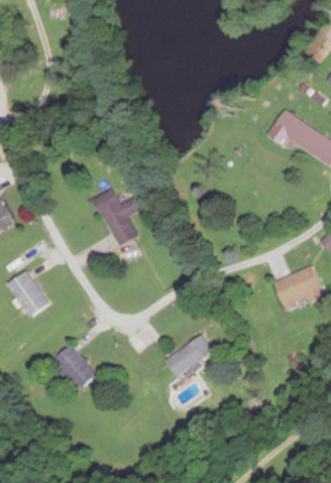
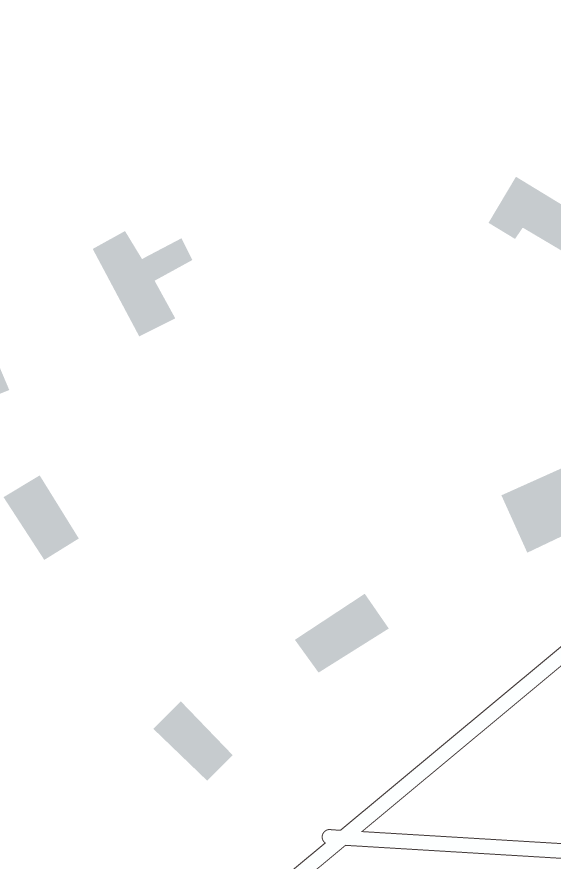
building: [93,189,147,246] -> [92,230,193,337]
building: [54,345,98,388] -> [153,701,233,781]

